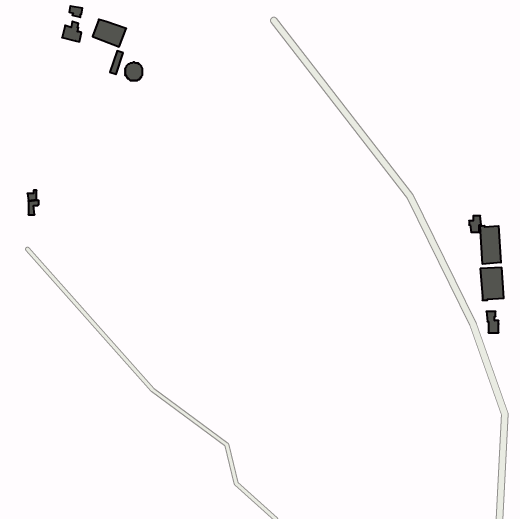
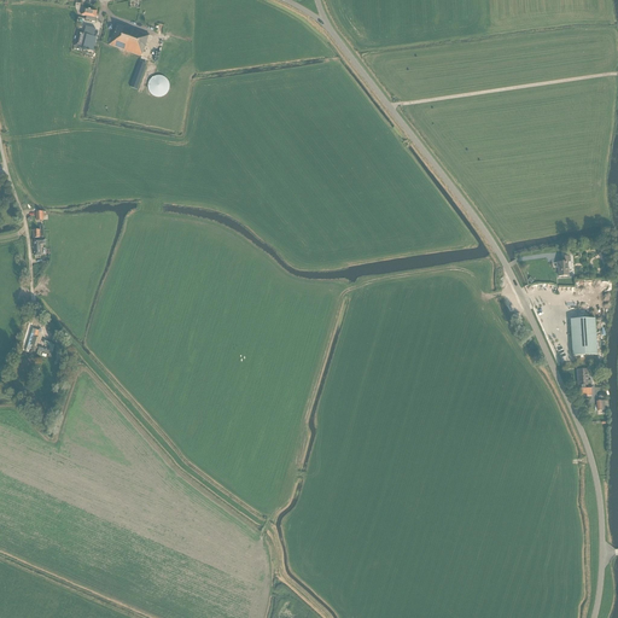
building: [480,226,501,264] -> none

